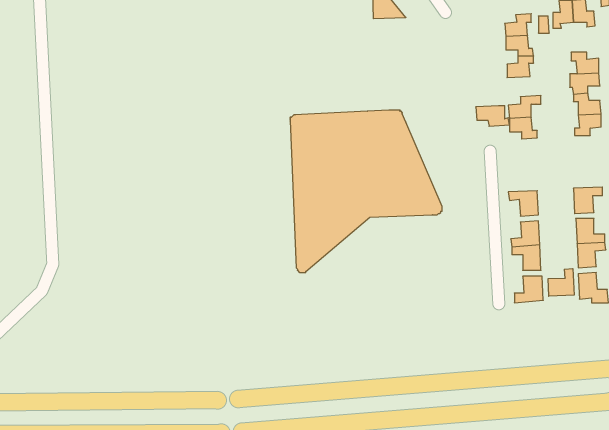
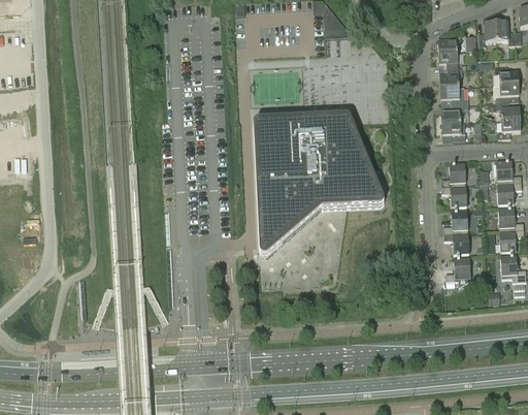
building: [476,106,510,126] -> [439,88,468,105]
building: none -> [495,162,521,184]
building: none -> [440,164,465,187]
building: [548,269,574,296] -> none

